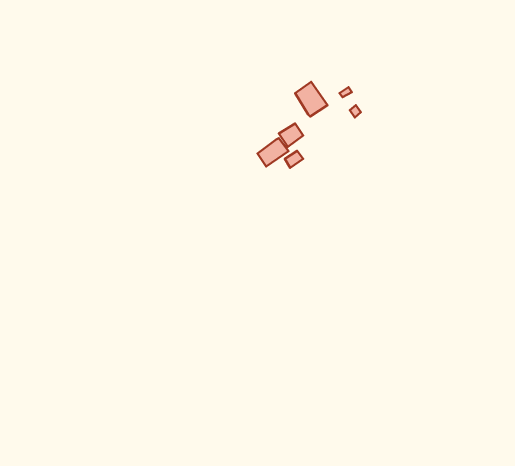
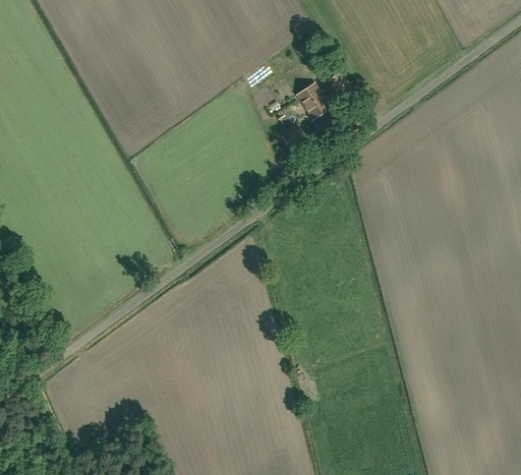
building: [257,138,288,166] -> none

